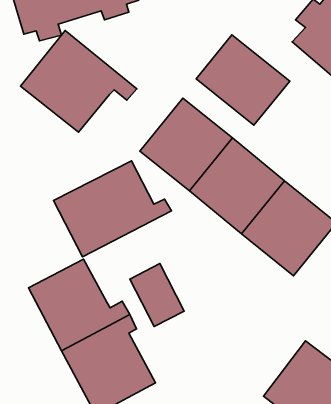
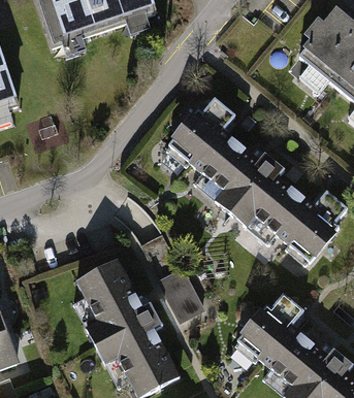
building: [21,31,137,132] -> none
building: [196,35,290,125] -> none
building: [54,161,172,257] -> none
building: none -> [230,297,317,385]

